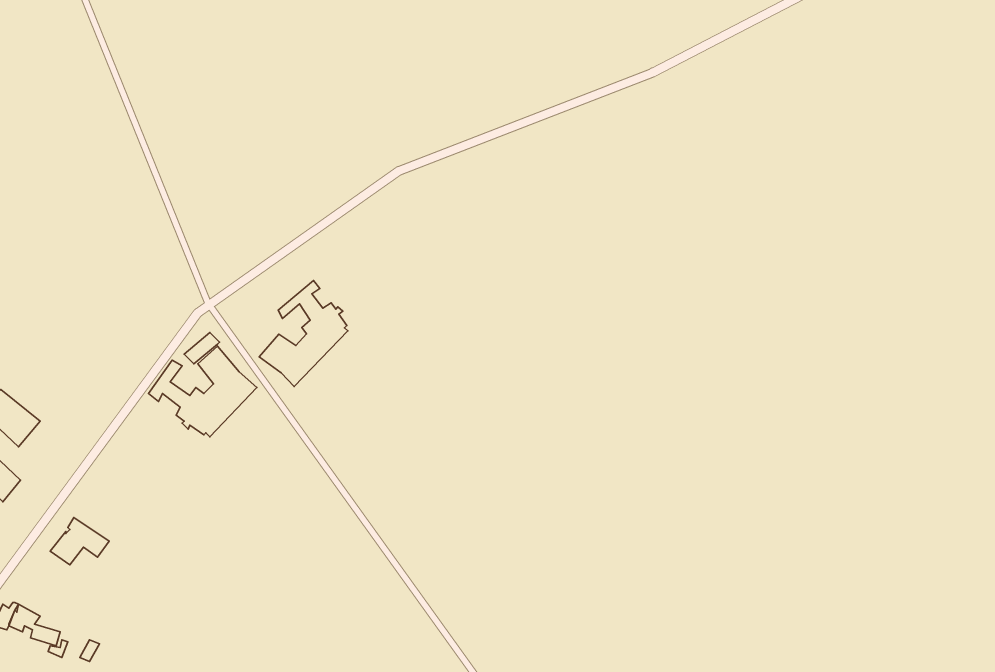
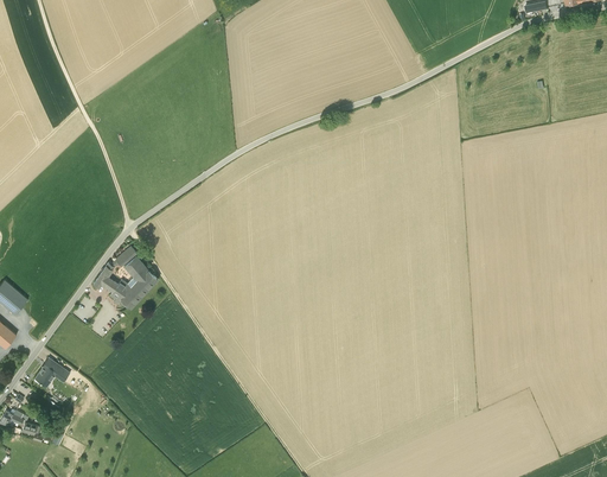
building: [259,280,348,387] -> none

